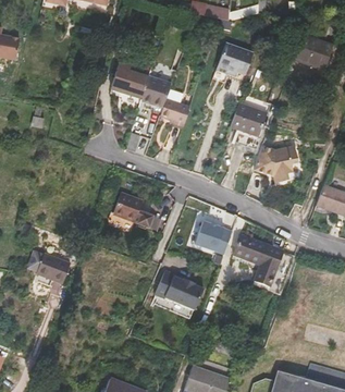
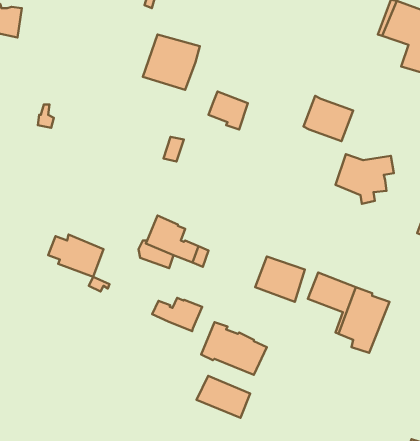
building: [215,42,252,82] -> none
building: [143,77,172,108] -> none
building: [29,252,71,283] -> [48,235,104,277]
building: none -> [152,298,202,331]
building: none -> [196,376,250,418]

